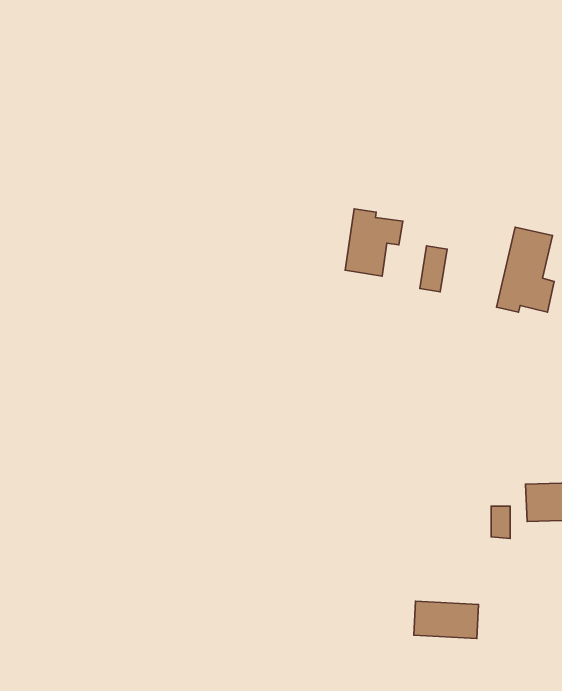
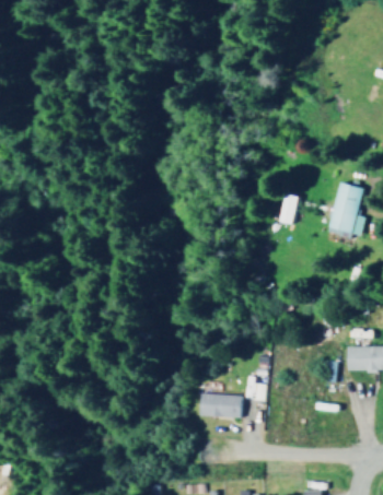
building: [345,209,403,276] -> none
building: [414,601,479,639] -> [200,394,242,419]

